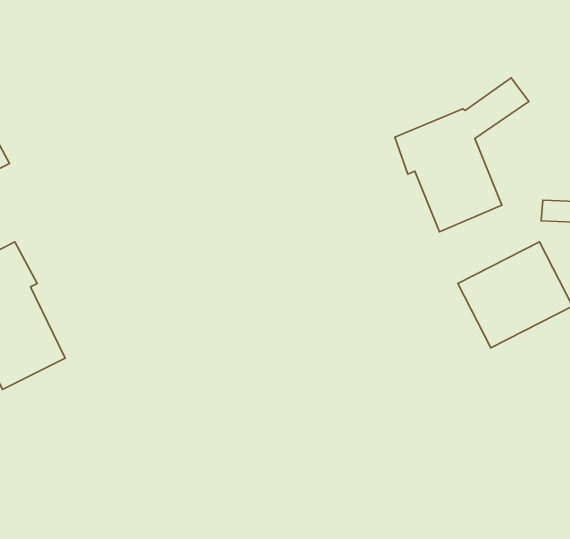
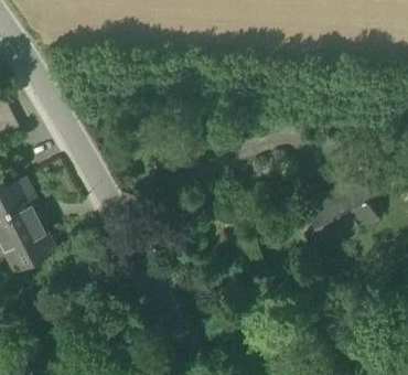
building: [395,78,529,232] -> none

